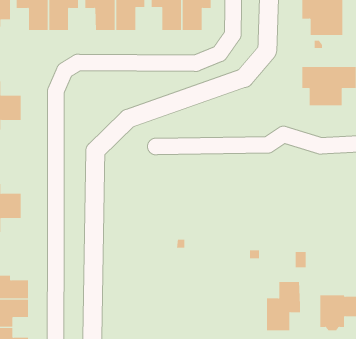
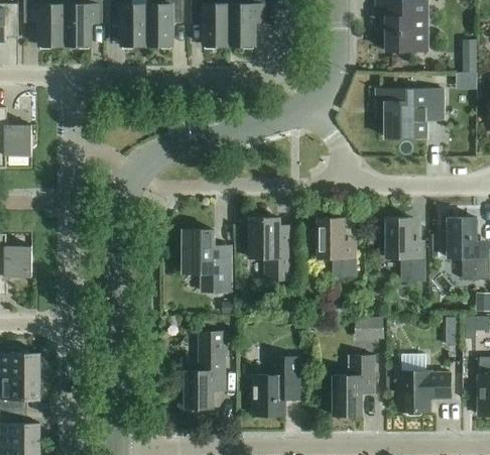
building: none -> [250,218,291,280]
building: none -> [305,218,356,277]
building: none -> [386,218,424,281]
building: none -> [182,230,231,292]
building: none -> [182,332,225,412]
building: none -> [252,357,299,416]

